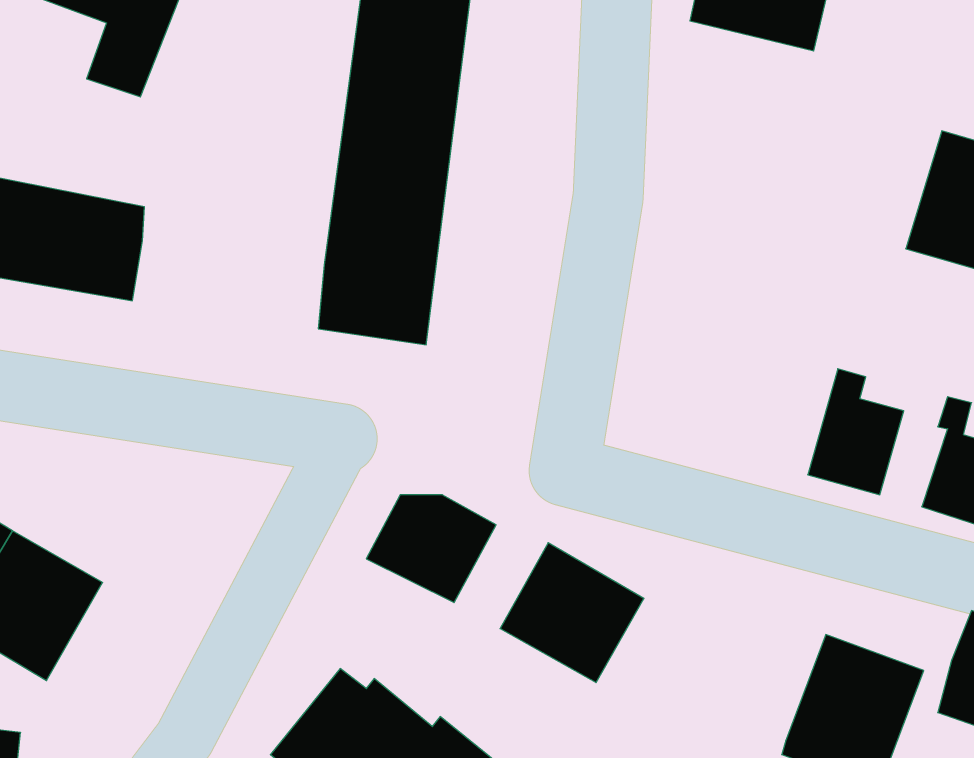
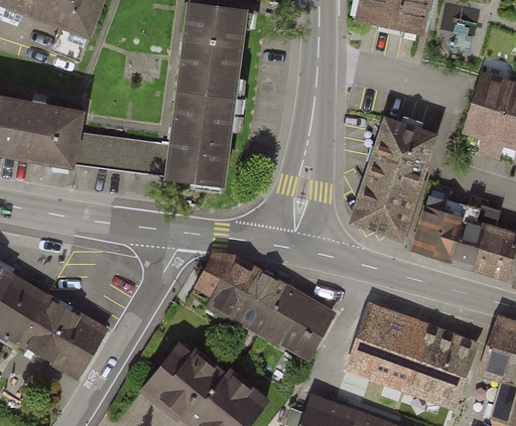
building: none -> [355,119,432,235]
building: none -> [75,131,171,175]
building: none -> [452,204,486,265]
building: none -> [237,270,284,326]
building: none -> [31,303,108,380]
building: none -> [360,312,424,383]

